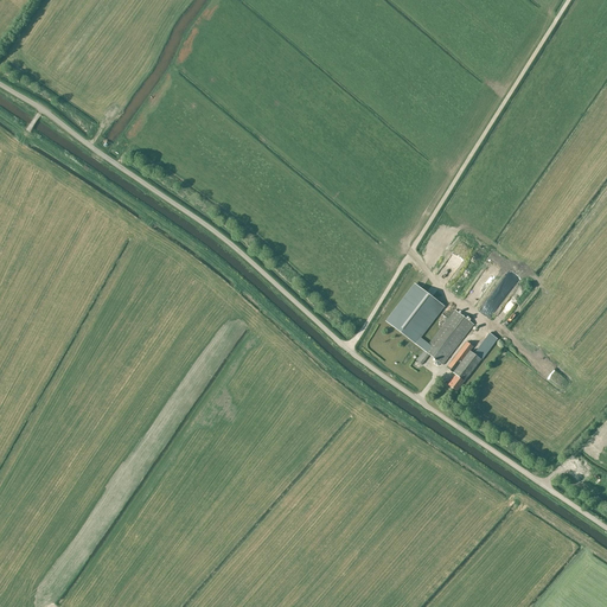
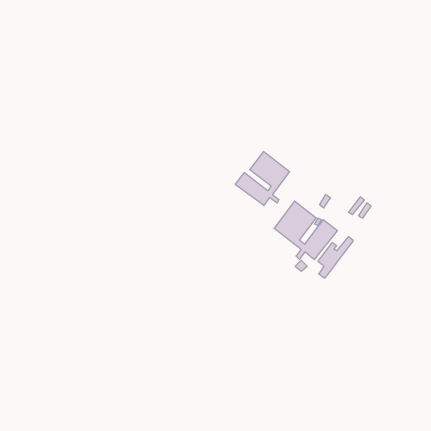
building: none -> [235,151,290,206]

